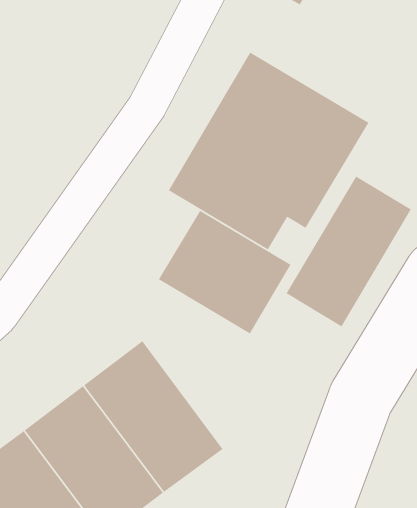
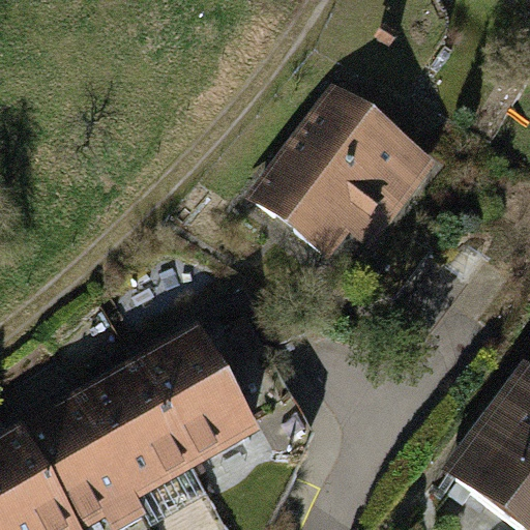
building: [286,175,412,327] -> none
building: [158,210,291,334] -> none

